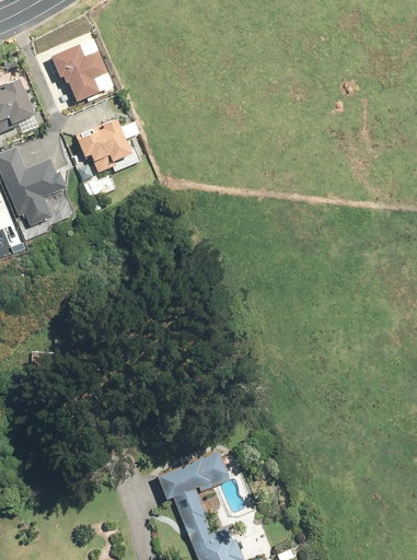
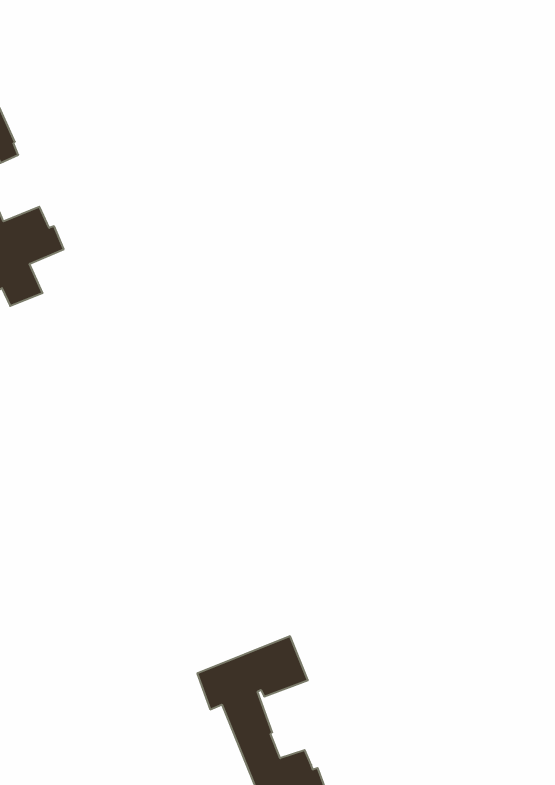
building: [49,45,106,103] -> none
building: [76,120,130,173] -> none

